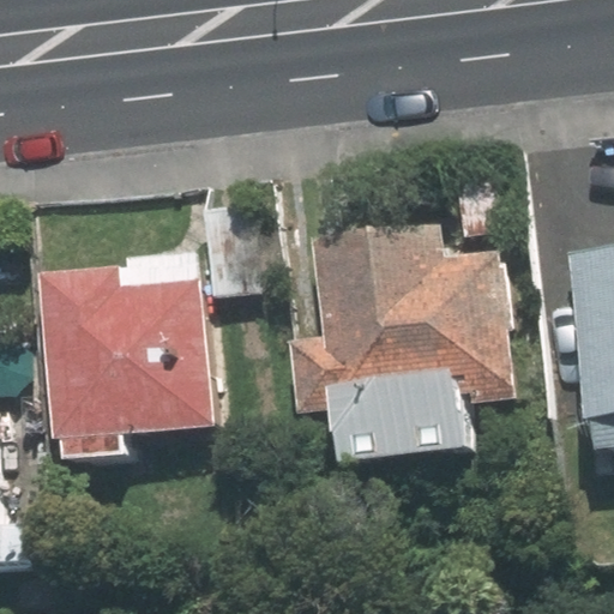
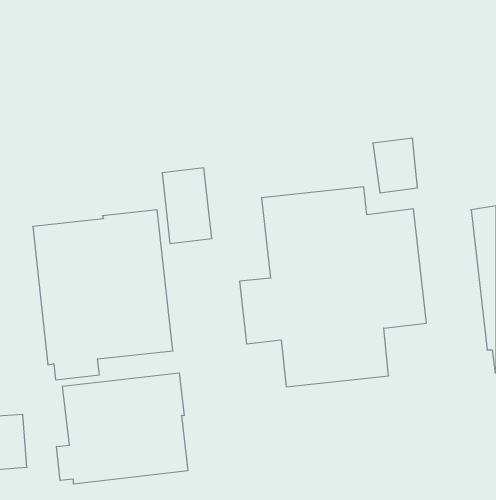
building: none -> [56,373,188,484]

